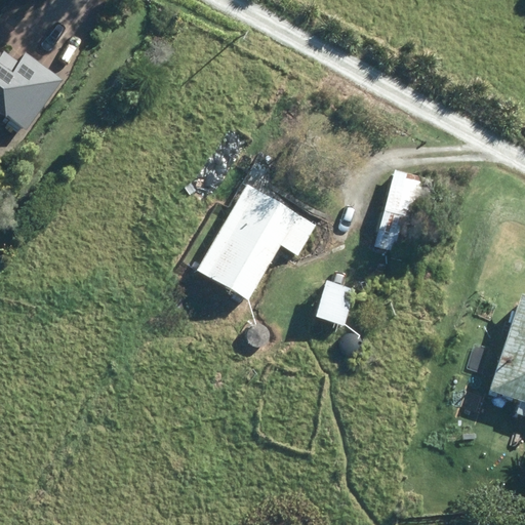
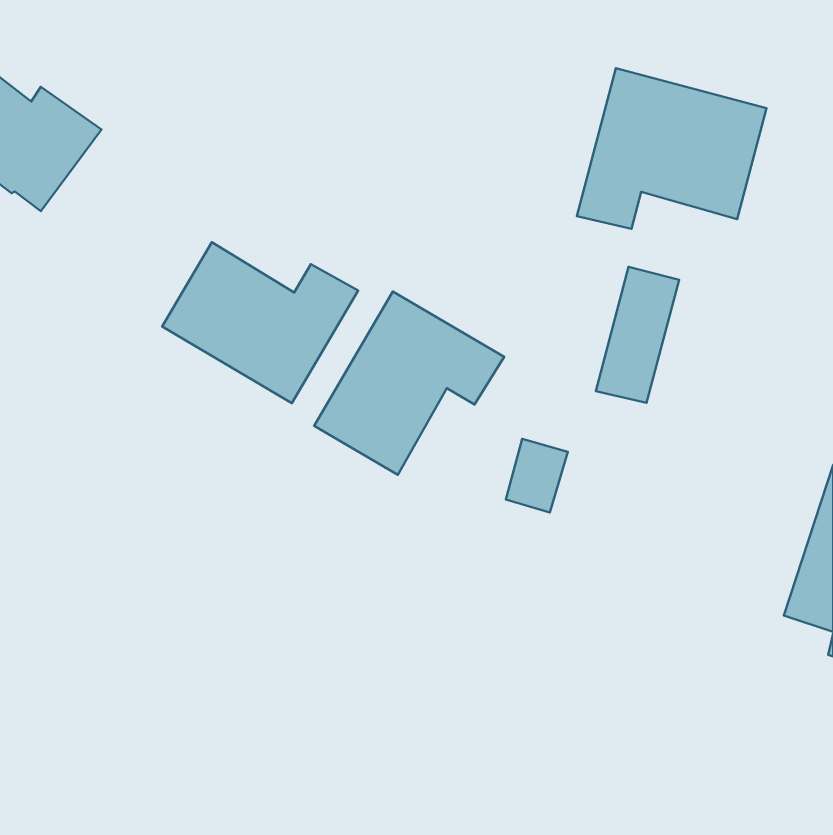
building: none -> [577,68,766,229]
building: none -> [162,242,358,403]

